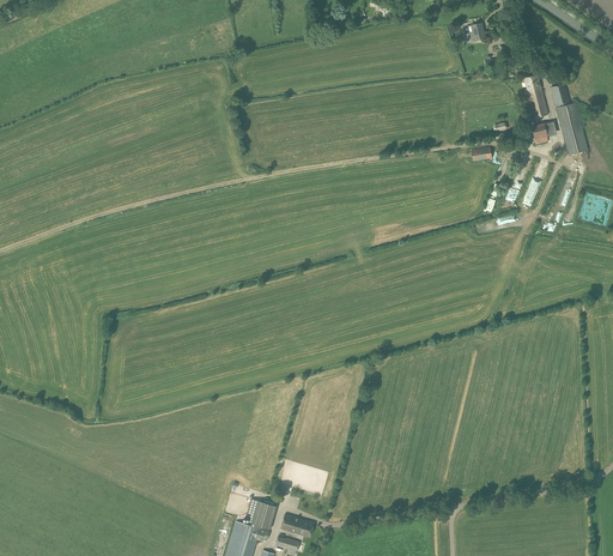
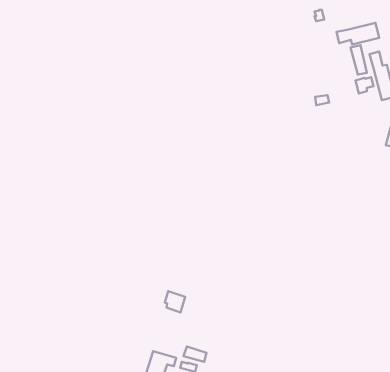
building: none -> [336,23,379,44]
building: [247,497,277,528] -> [165,291,185,312]

